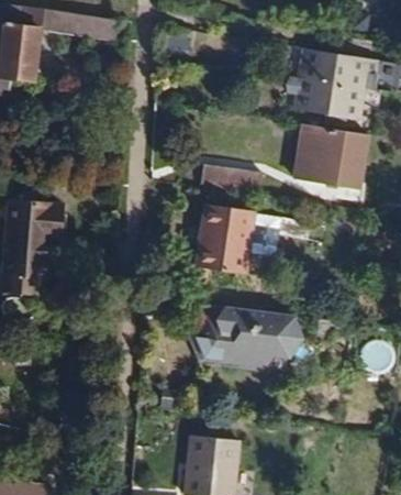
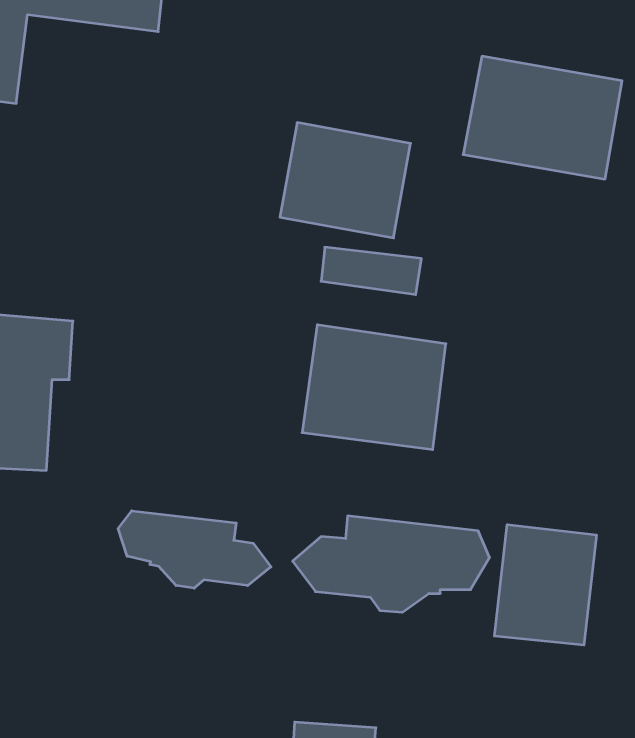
building: [293,124,369,191] -> [280,123,411,238]
building: none -> [118,511,271,588]
building: none -> [494,525,596,645]

